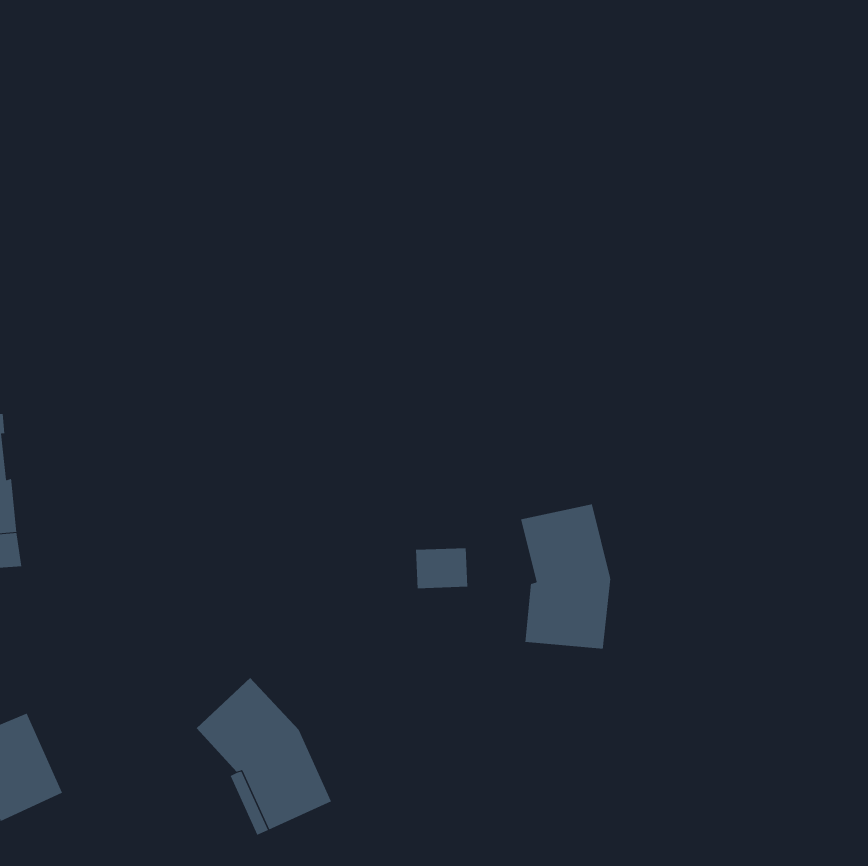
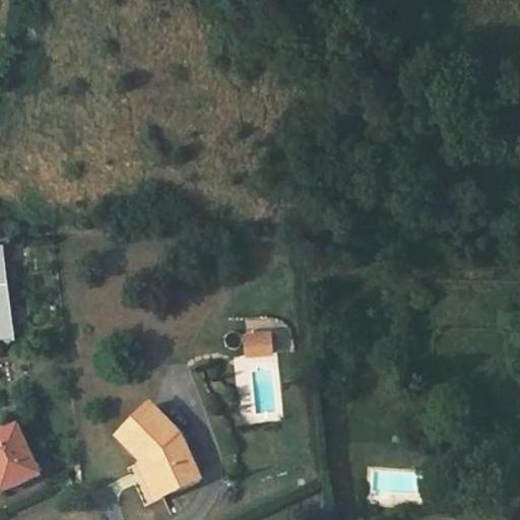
building: [521,503,611,650] -> none

